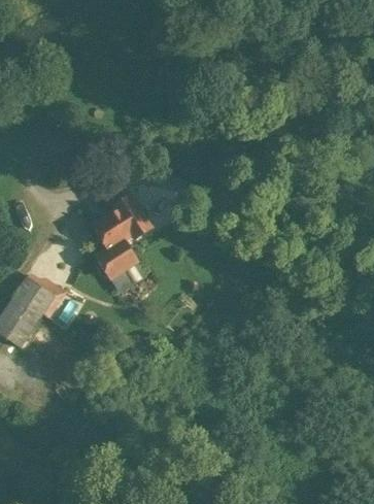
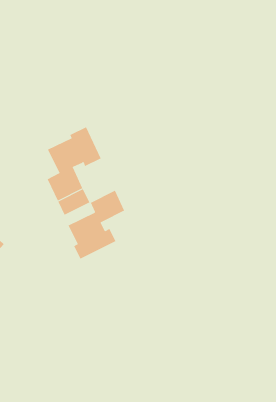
building: none -> [68,190,125,259]

